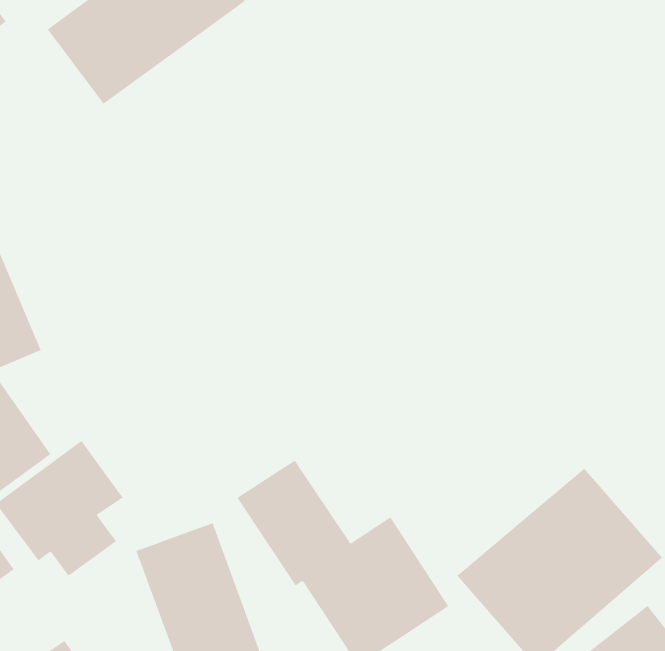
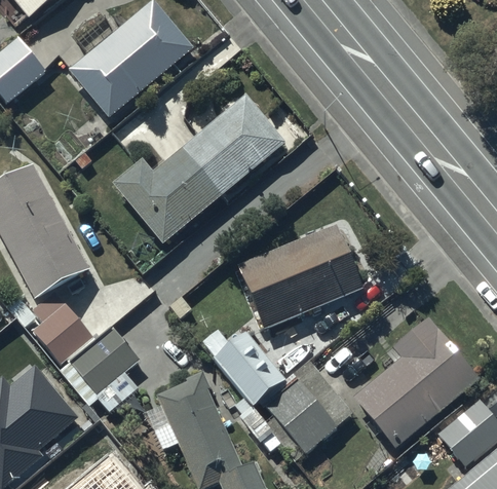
building: none -> [115,103,276,240]
building: none -> [235,221,364,330]

